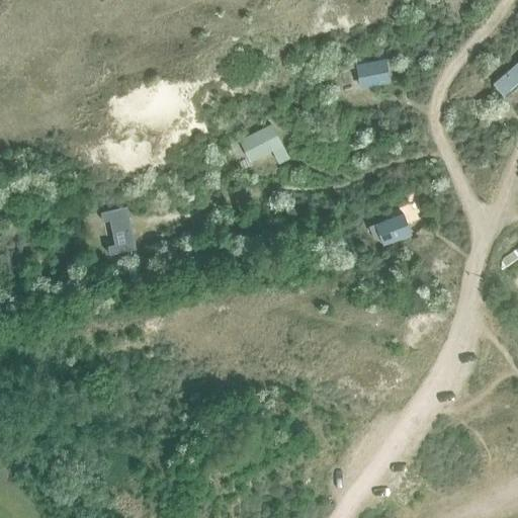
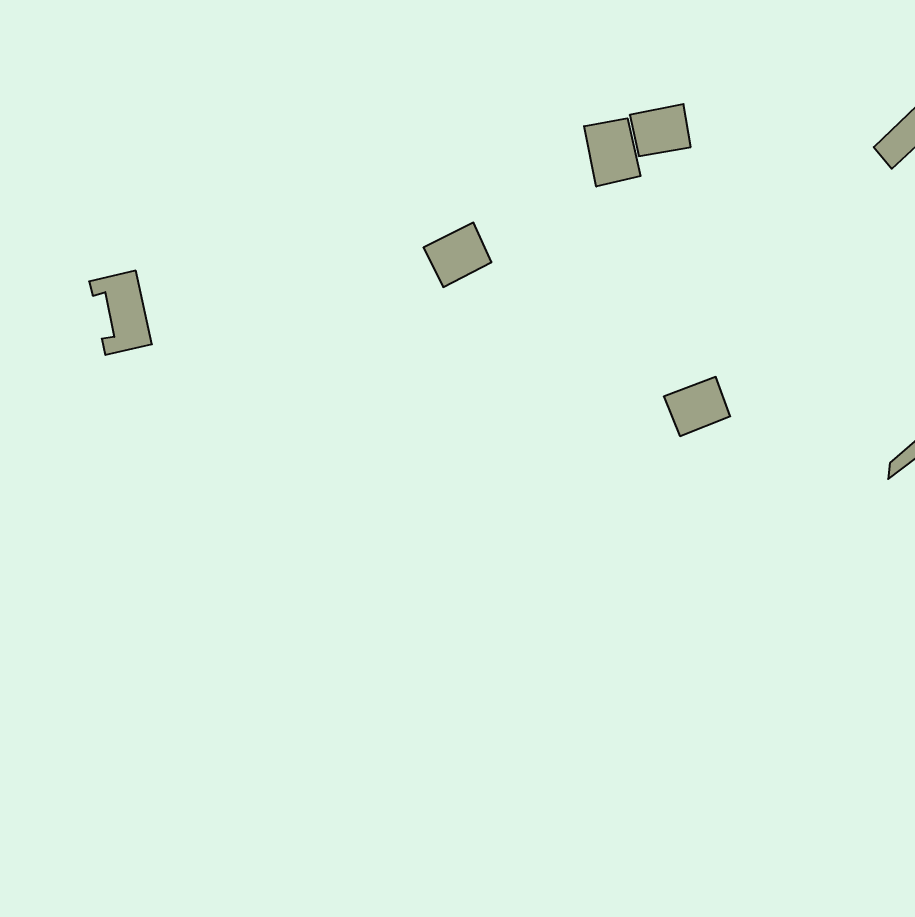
building: none -> [584,118,641,187]
building: [101,207,137,255] -> [89,271,152,355]

